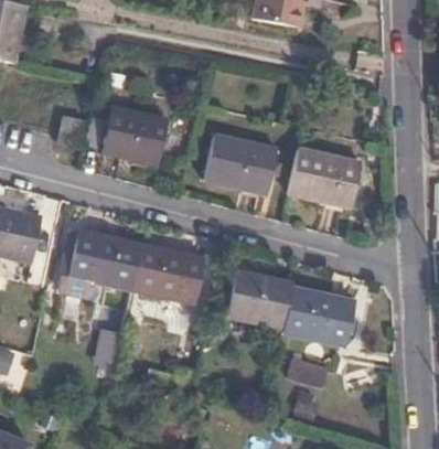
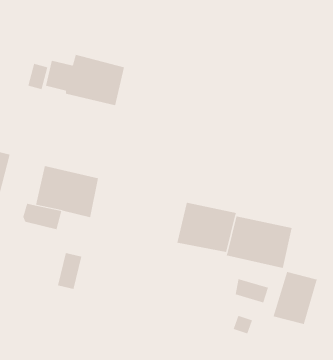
building: [205,136,279,195] -> none
building: [286,149,362,210] -> none
building: [131,246,204,306] -> none
building: none -> [273,271,317,325]

